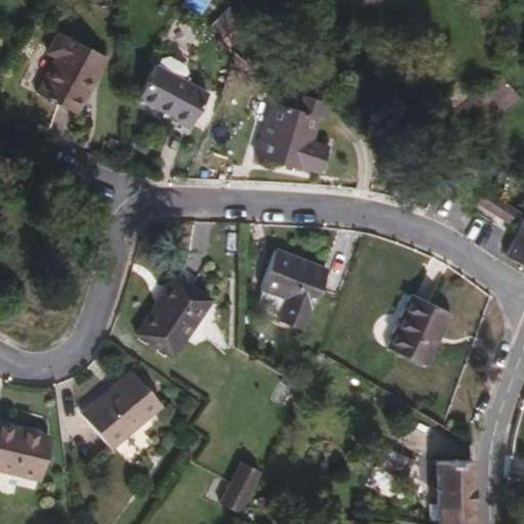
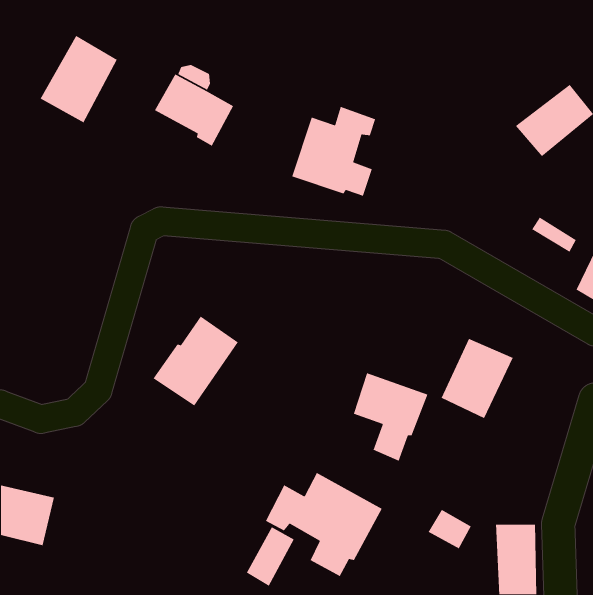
building: [263,254,330,333] -> [353,372,428,462]
building: [82,372,162,448] -> none
building: none -> [265,472,383,577]

